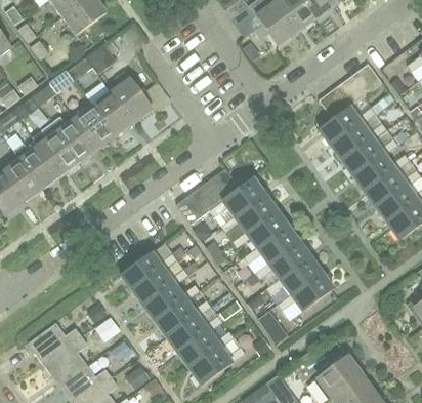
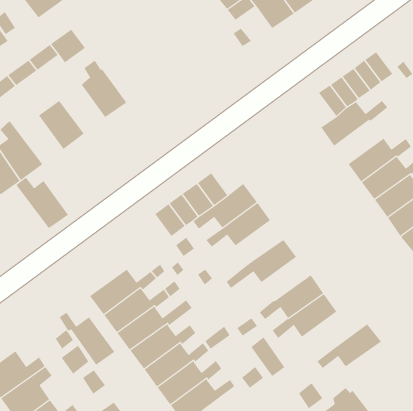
building: [94,91,133,133] -> none
building: [51,115,97,160] -> [15,177,69,229]
building: [331,122,387,160] -> none
building: [231,208,288,248] -> none
building: [255,240,311,279] -> [317,324,382,369]
building: none -> [59,312,115,365]

